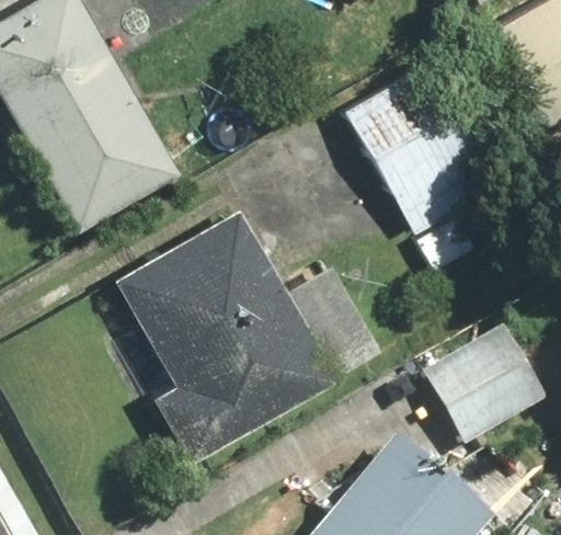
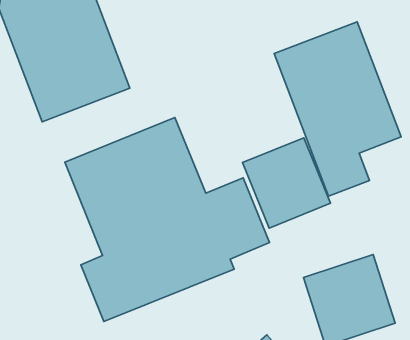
building: none -> [242,138,331,228]

